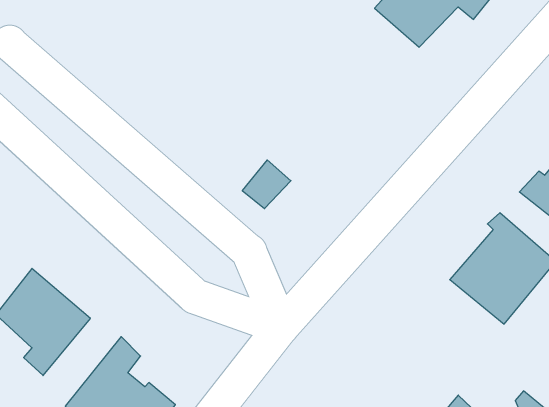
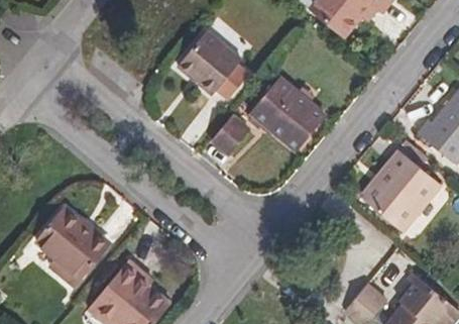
building: none -> [183,36,251,103]
building: none -> [254,79,326,147]

